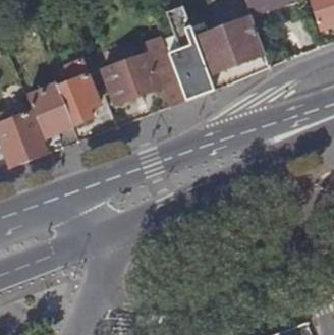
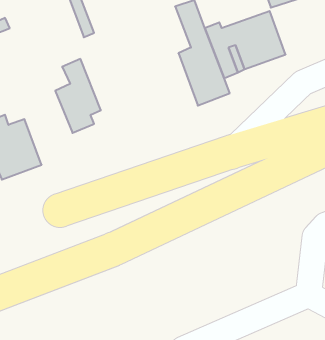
building: [102,37,185,106] -> none
building: [26,83,73,136] -> none

